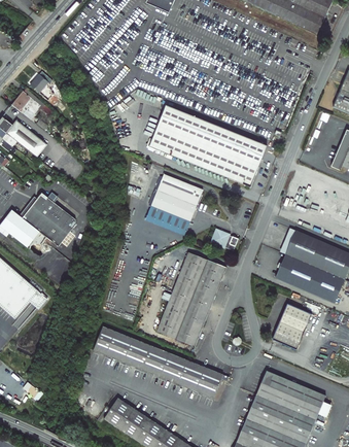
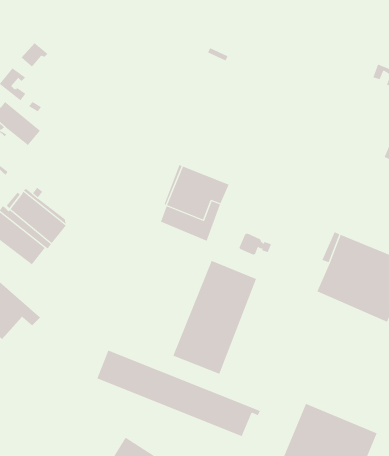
building: [149,105,267,186] -> none
building: [272,303,311,349] -> none

